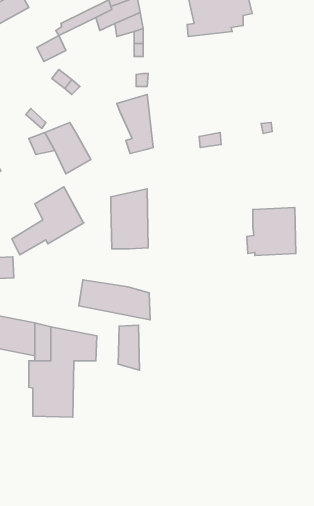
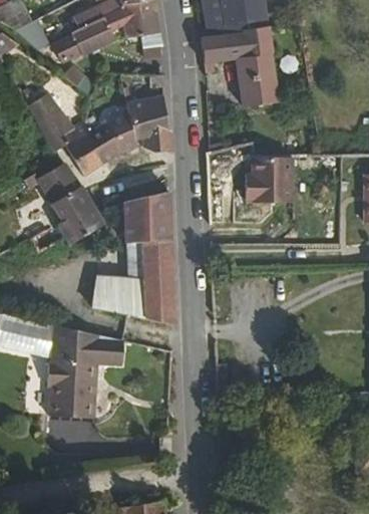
building: none -> [75,18,118,53]
building: none -> [205,23,285,104]
building: none -> [92,112,148,161]
building: none -> [33,160,80,205]
building: [247,208,296,256] -> [245,153,294,201]
building: [118,325,139,370] -> [144,249,165,294]

